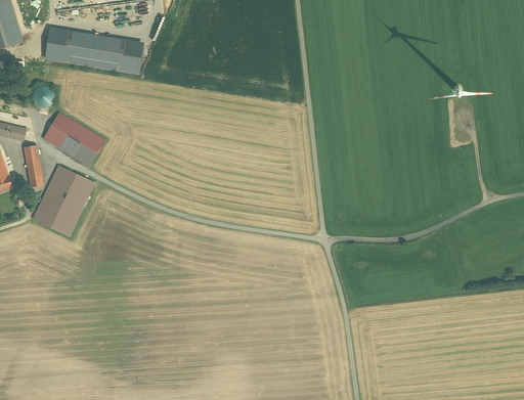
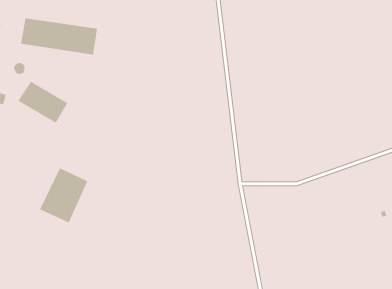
building: [24,143,43,187] -> none
building: [32,167,94,237] -> [39,168,88,223]

